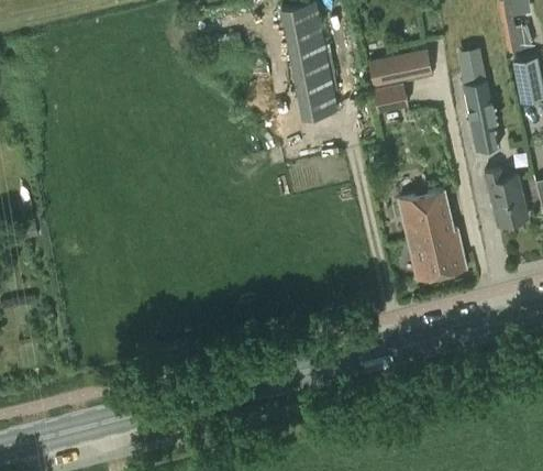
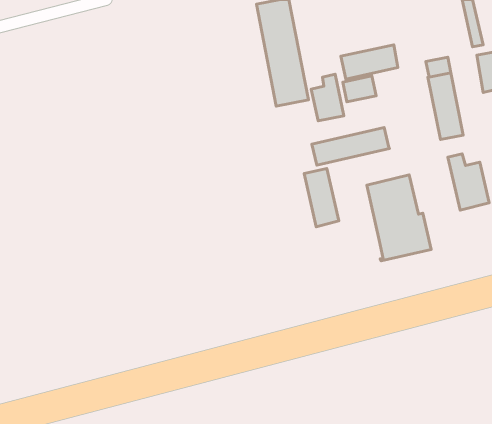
building: none -> [311,74,344,121]
building: none -> [312,128,389,165]
building: none -> [304,169,339,227]

